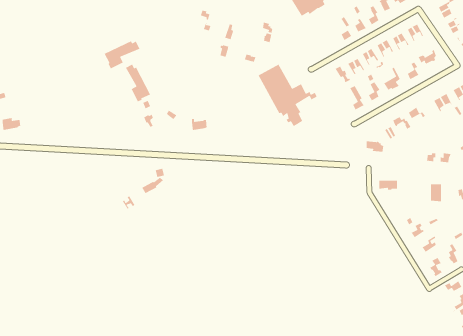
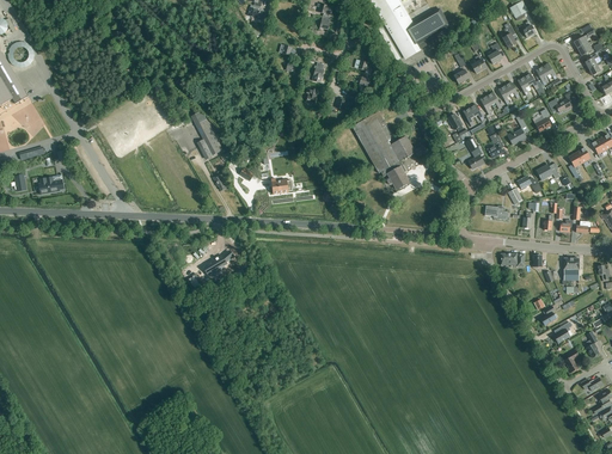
building: [103,40,141,70] -> none

